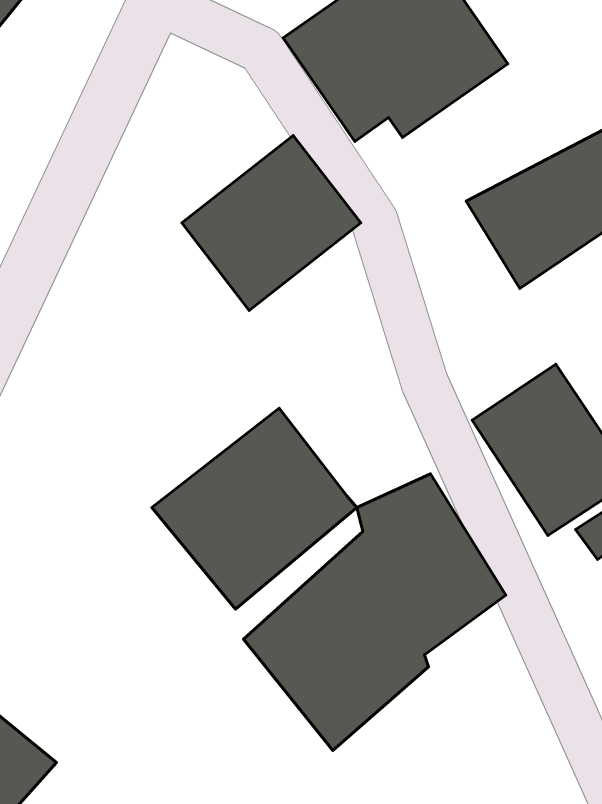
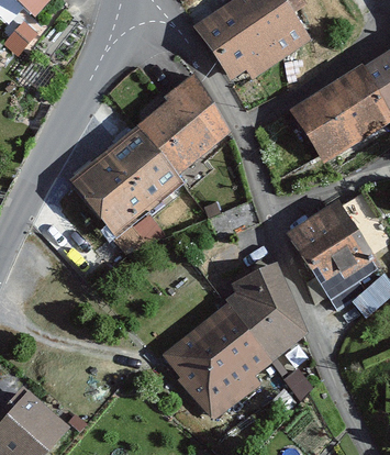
building: [152,408,357,609] -> [64,125,177,236]

